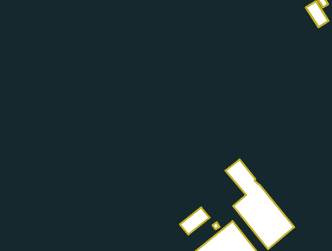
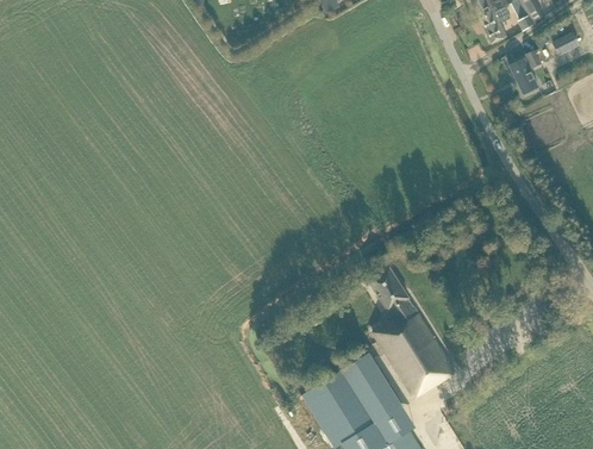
building: [180,207,210,235] -> none

